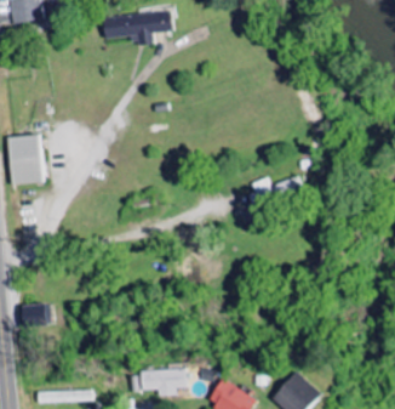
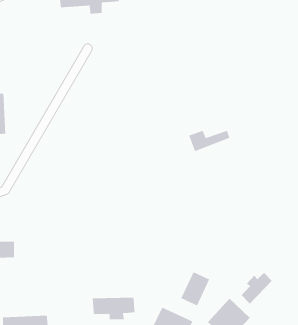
building: none -> [180,271,210,306]
building: none -> [241,272,272,305]

